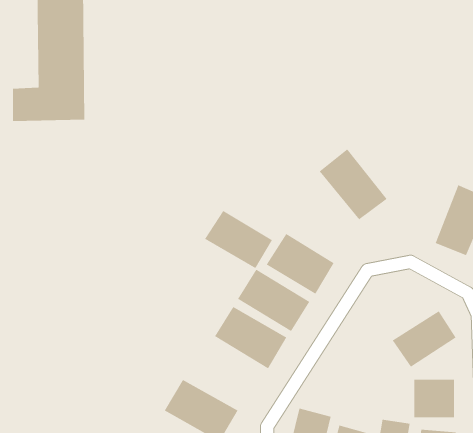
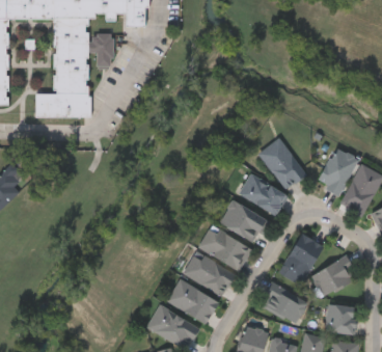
building: none -> [94,38,115,72]
building: none -> [317,147,358,194]
building: [204,210,273,269] -> [238,172,288,215]
building: none -> [279,233,324,285]
building: none -> [166,277,218,324]
building: none -> [261,281,308,324]

